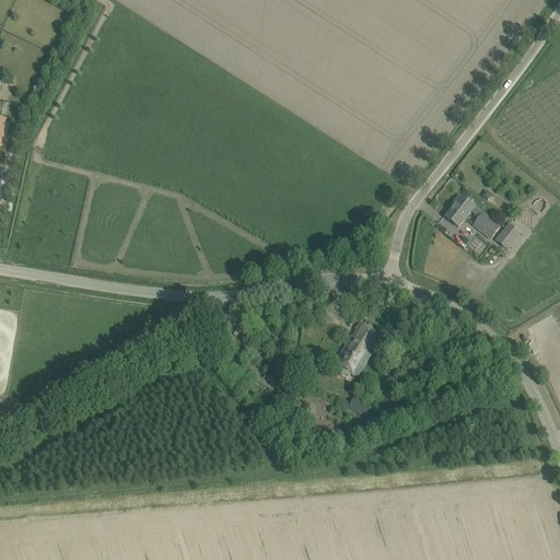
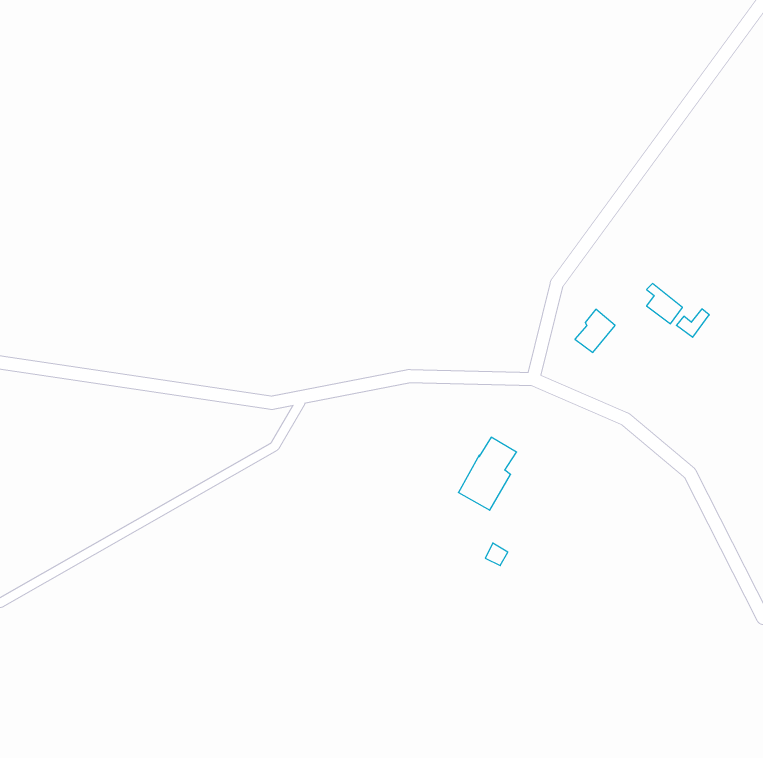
building: [445,194,475,225] -> [575,309,615,352]

